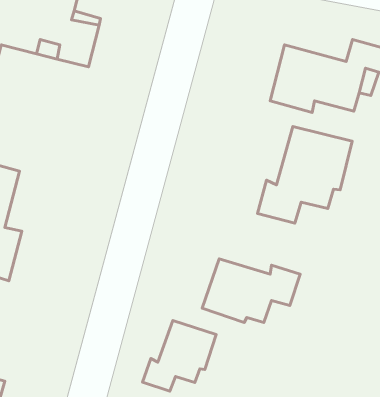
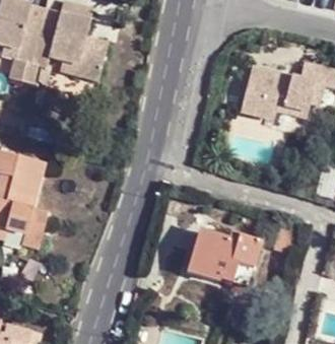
building: [258,126,352,223] -> none
building: [143,321,216,391] -> none

